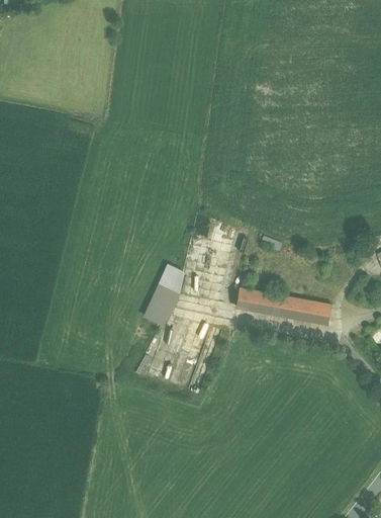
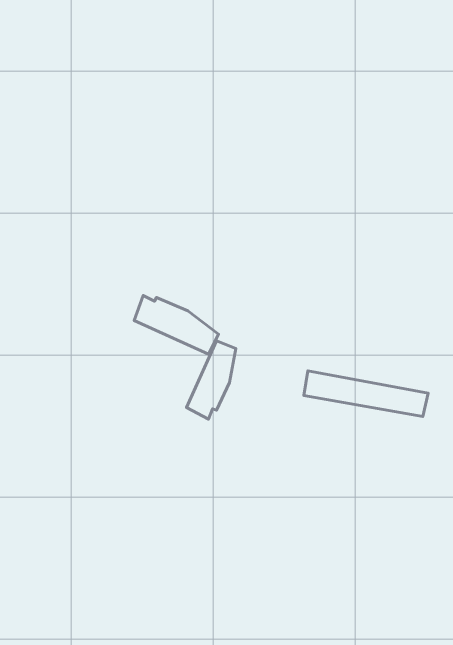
building: none -> [134,295,219,354]

